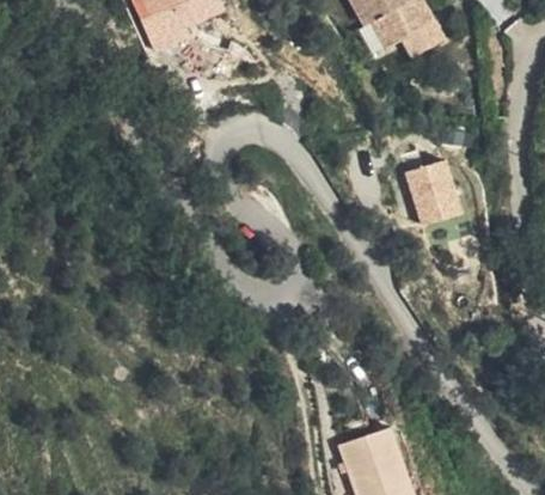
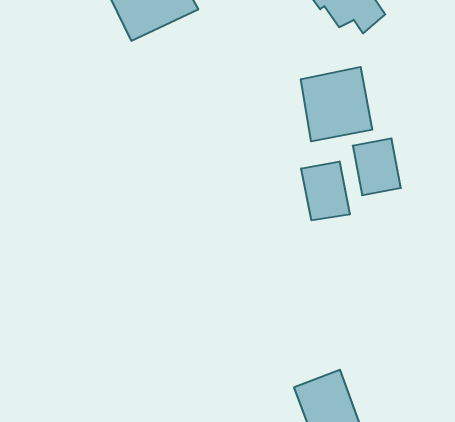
building: none -> [301,67,372,141]
building: none -> [301,161,350,220]

